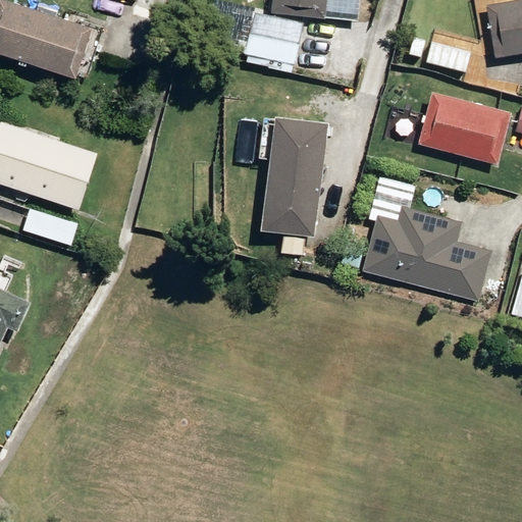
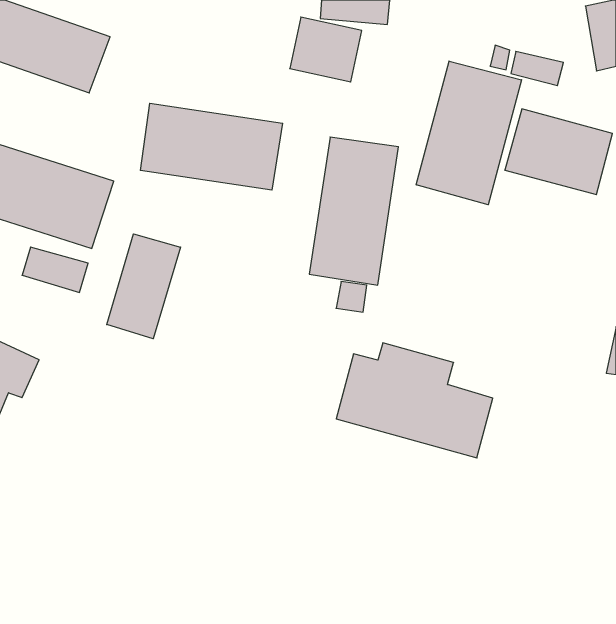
building: none -> [416,61,522,205]
building: none -> [140,103,283,190]
building: none -> [107,234,181,339]
building: [361,207,491,303] -> [336,343,493,458]

